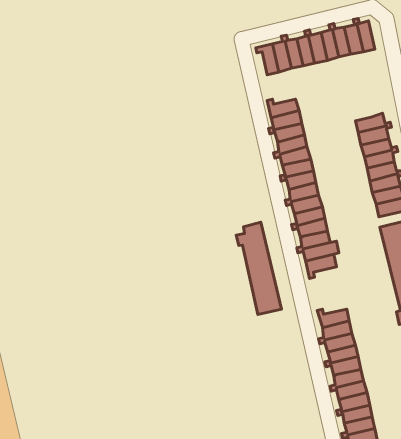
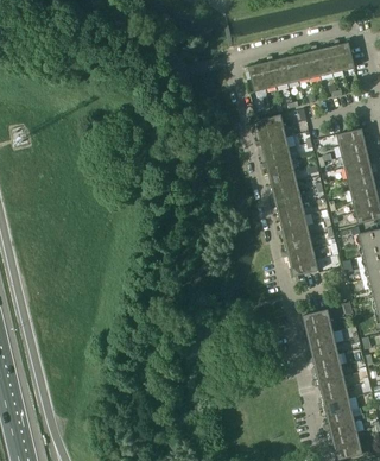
building: [236,222,282,314] -> none

